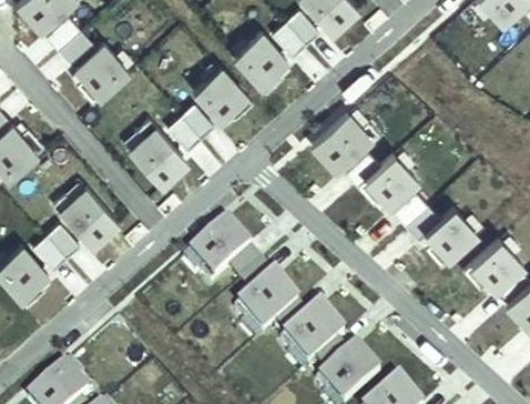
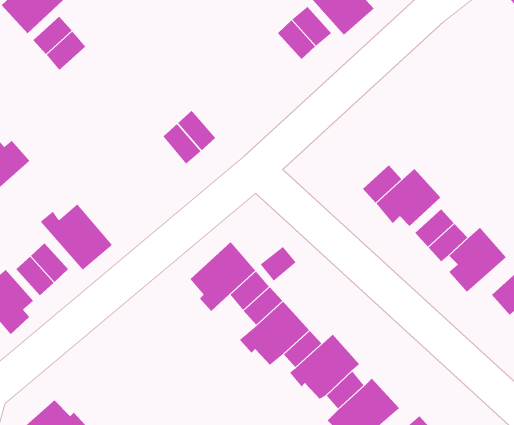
building: [233,34,286,95] -> none
building: [75,48,129,107] -> none
building: [193,71,254,125] -> none
building: [313,114,378,175] -> none
building: [128,122,188,190] -> none

